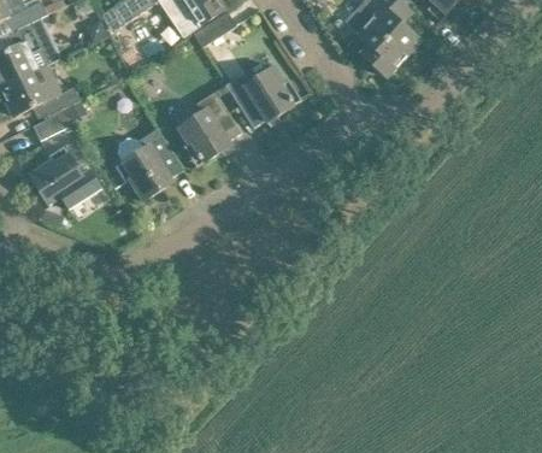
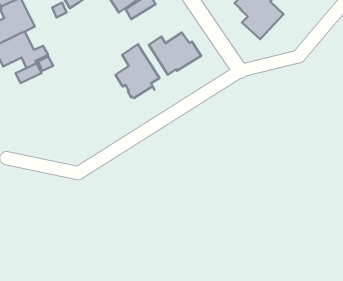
building: [116,129,183,200] -> none
building: [30,146,102,208] -> none

